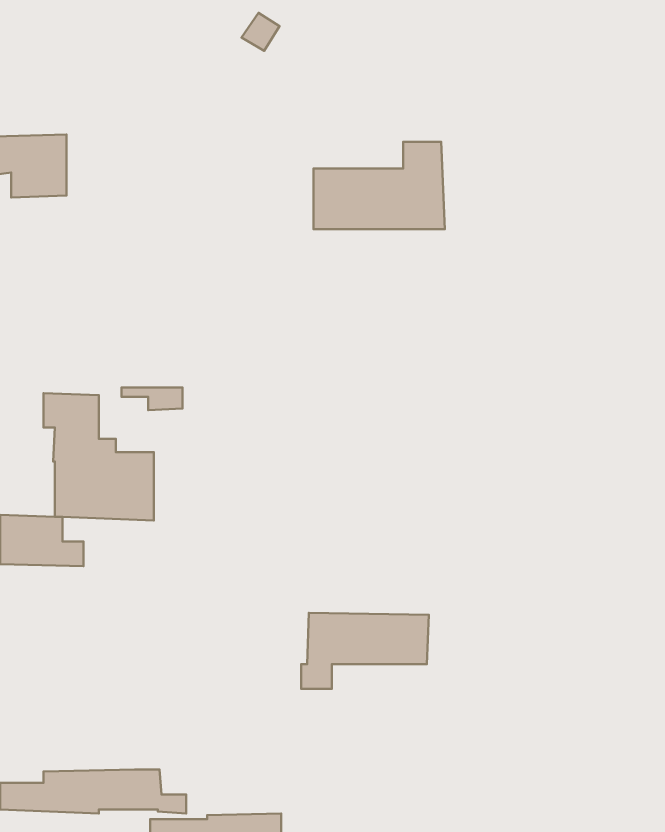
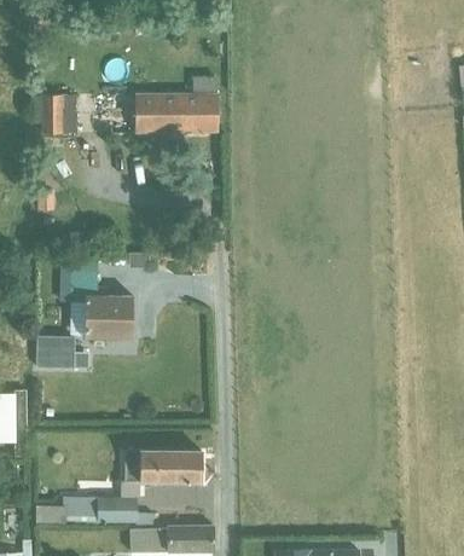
building: [314,142,445,229] -> [134,77,217,133]
building: [301,613,429,689] -> [120,450,201,498]

